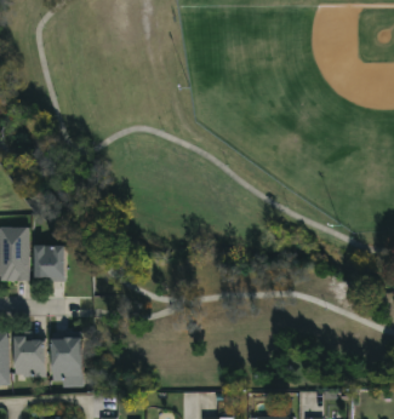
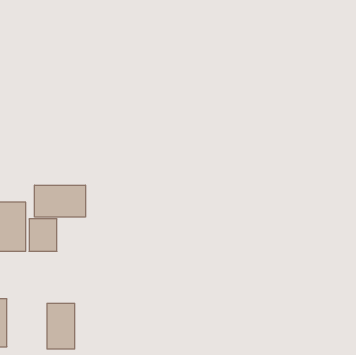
building: none -> [35,185,85,217]
building: [16,335,45,377] -> none

